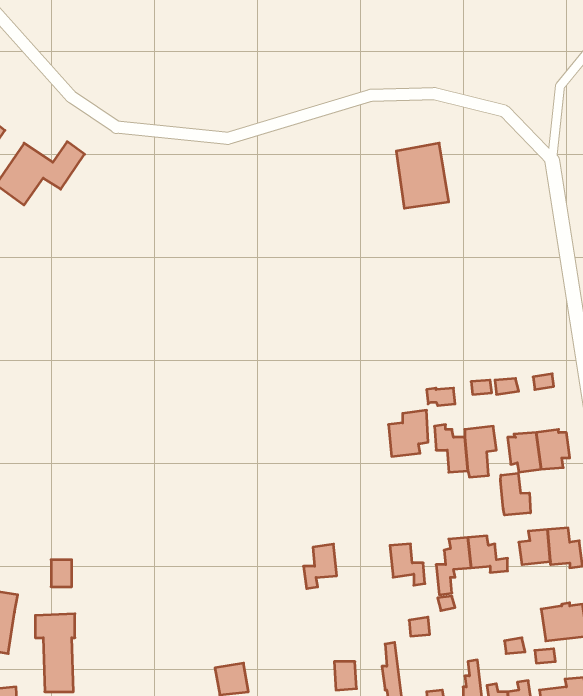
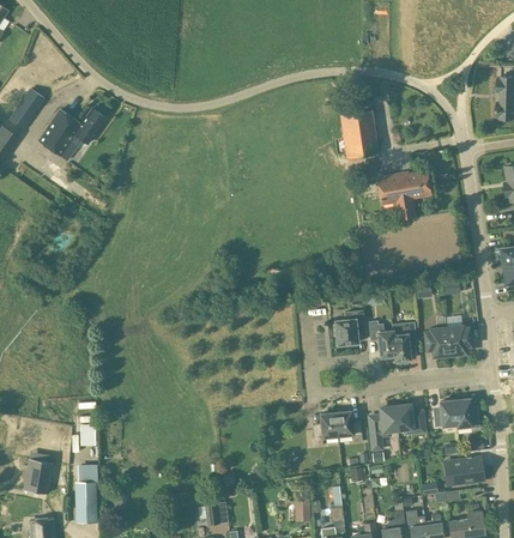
building: none -> [377,170,433,219]
building: [501,473,530,515] -> none
building: [303,544,337,589] -> [313,412,338,446]

